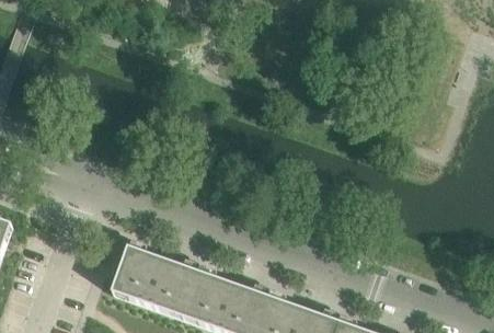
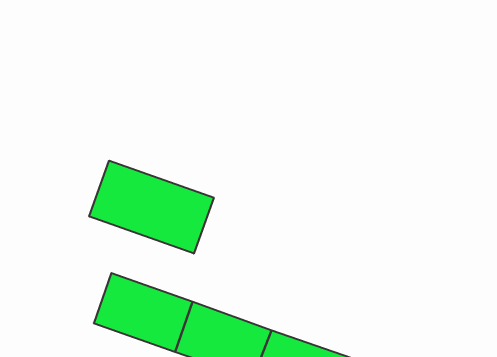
building: none -> [89,161,214,254]

